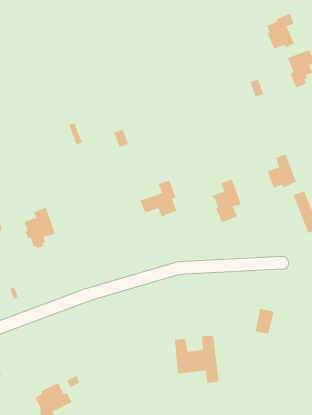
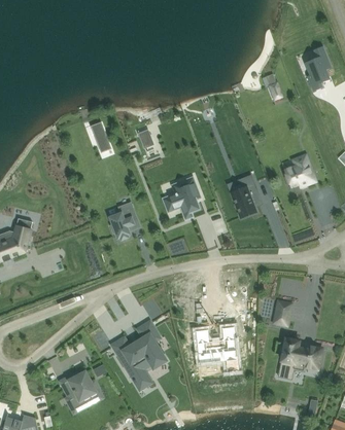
building: [267,13,295,49] -> none
building: [24,207,56,249] -> [108,200,139,240]
building: none -> [112,322,165,389]
building: none -> [279,337,321,371]

